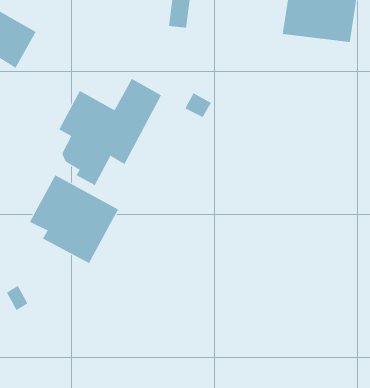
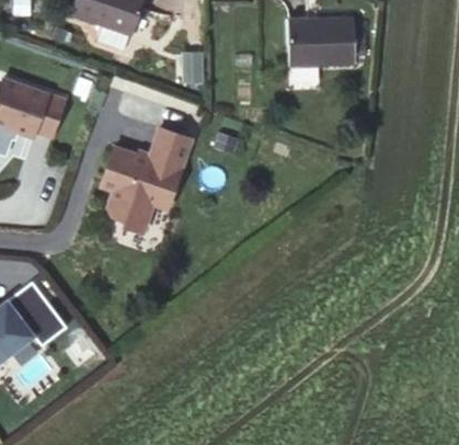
building: [29,175,119,264] -> none

